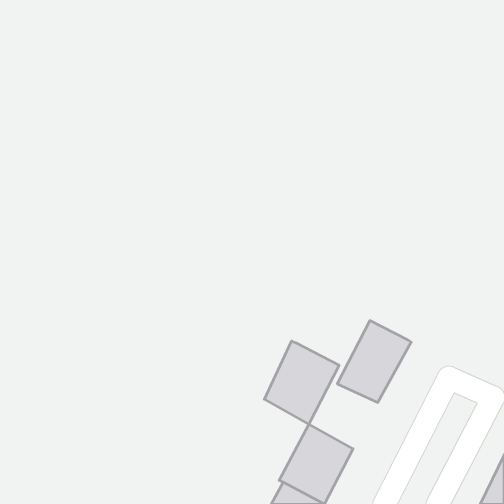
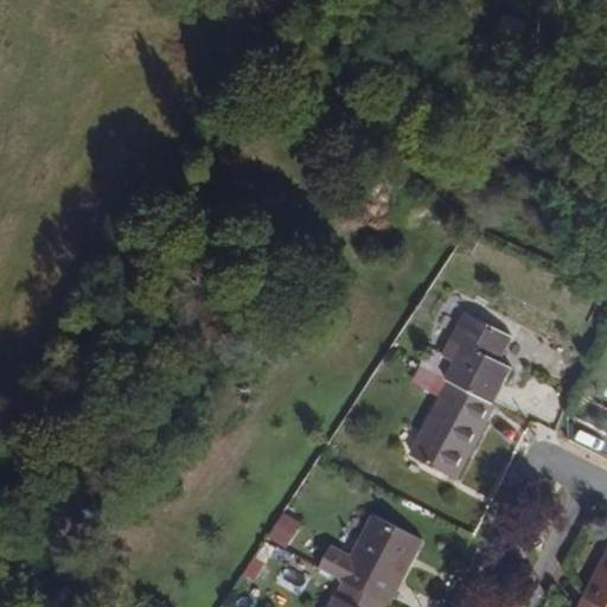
building: none -> [414,315,510,409]
building: [264,341,339,424] -> none

